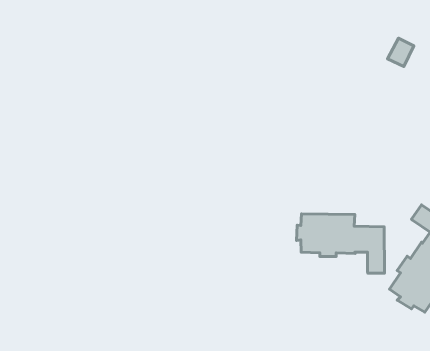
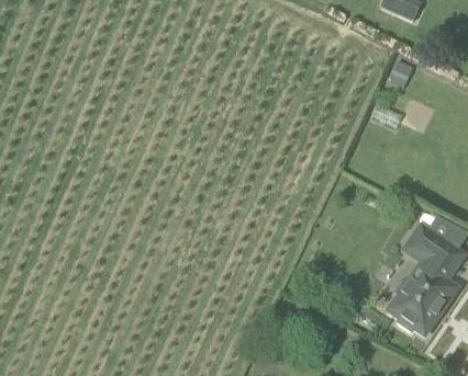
building: [296,214,384,273] -> none

